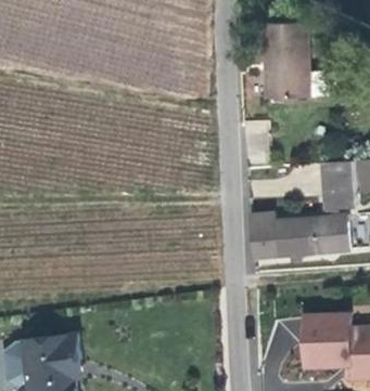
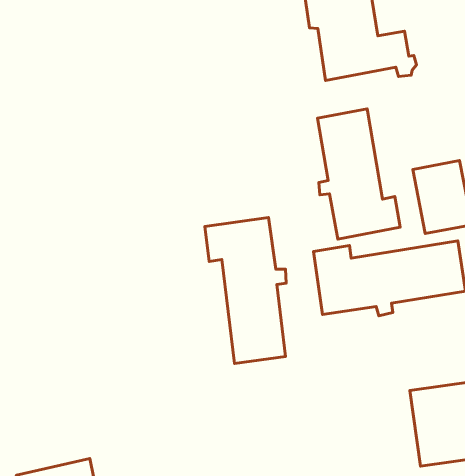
building: none -> [317,109,400,239]
building: none -> [205,217,286,363]

